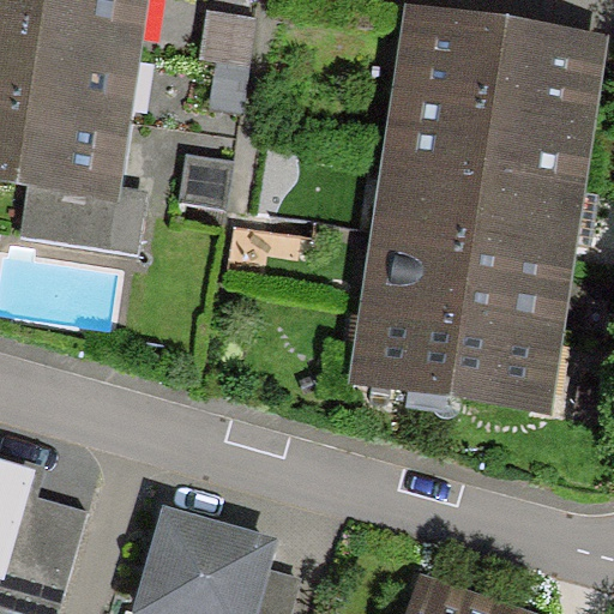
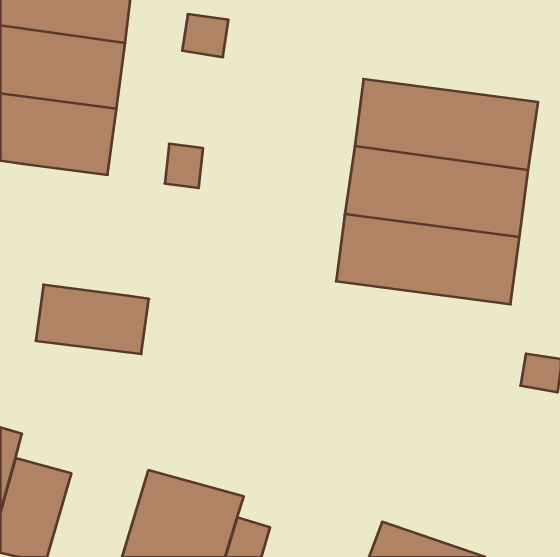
building: [398,12,598,112] -> none
building: [18,179,142,254] -> [36,285,149,354]
building: [359,307,559,407] -> none

